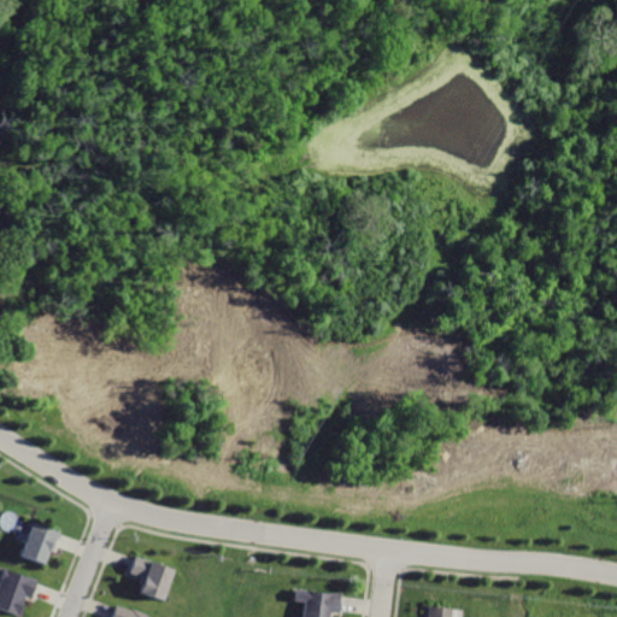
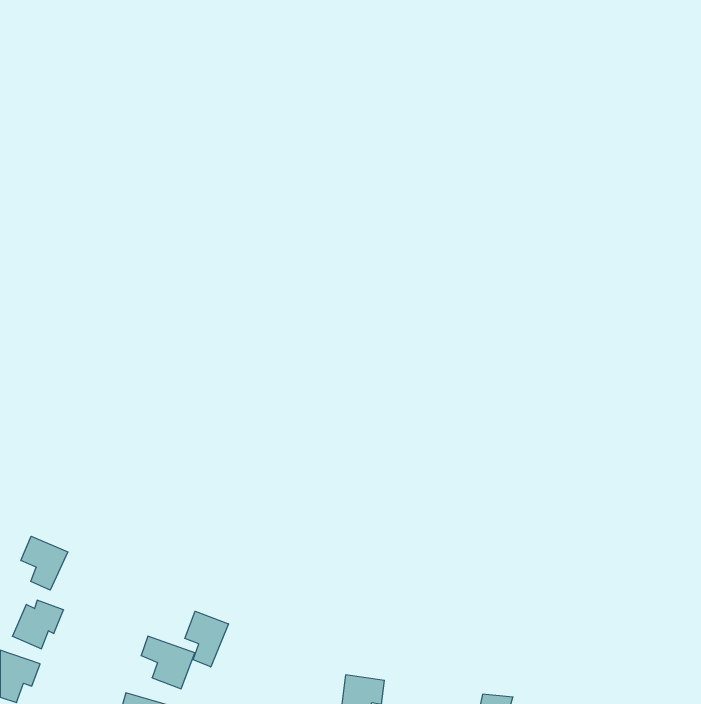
building: none -> [21,536,68,590]
building: none -> [185,611,228,667]

